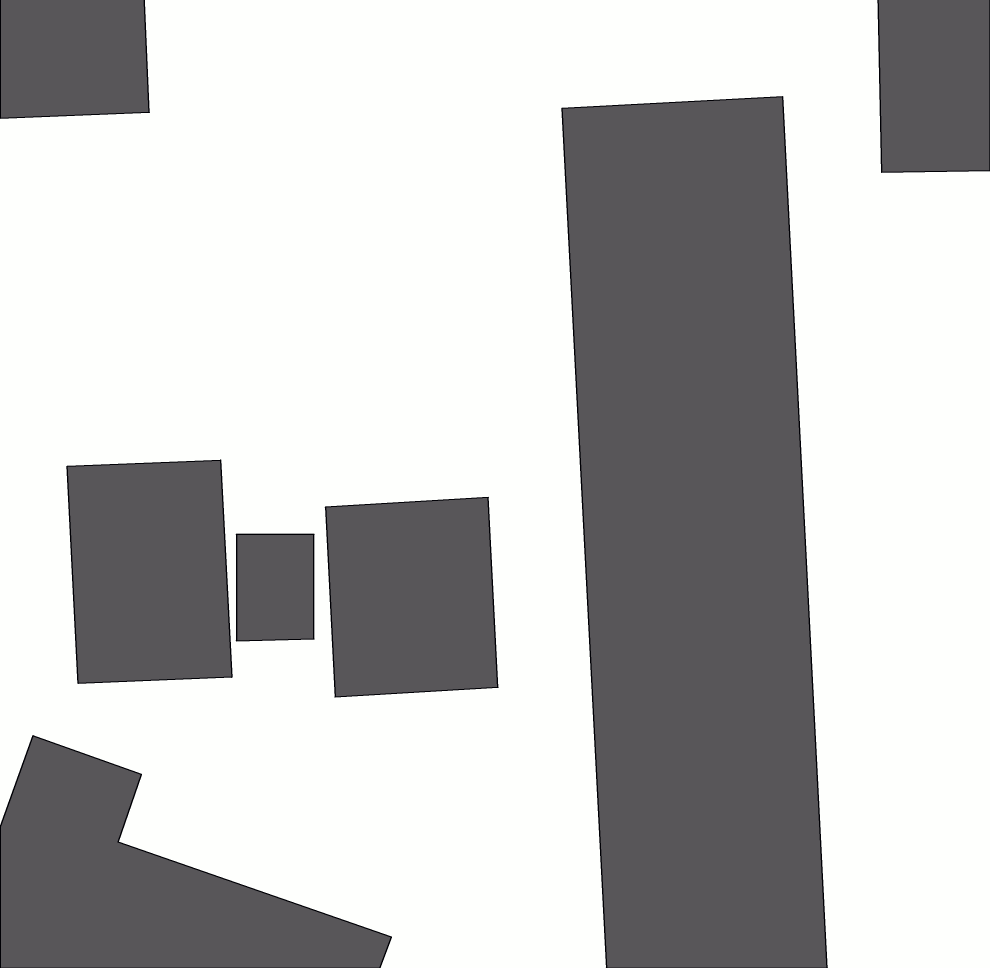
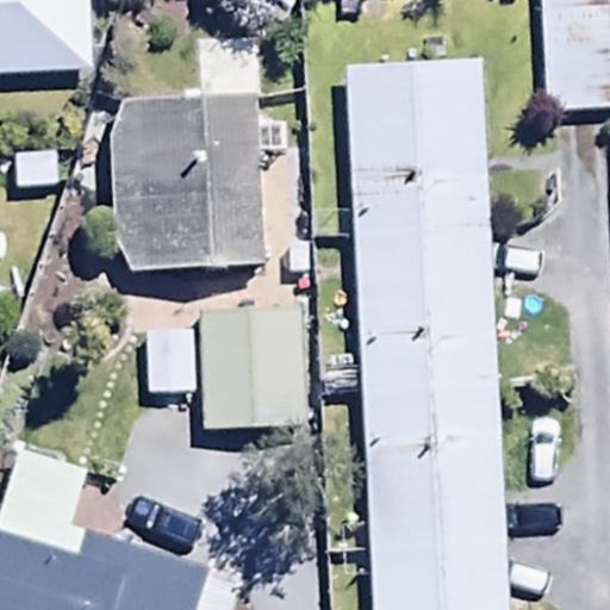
building: none -> [117,104,262,266]
building: [67,460,232,683] -> none

